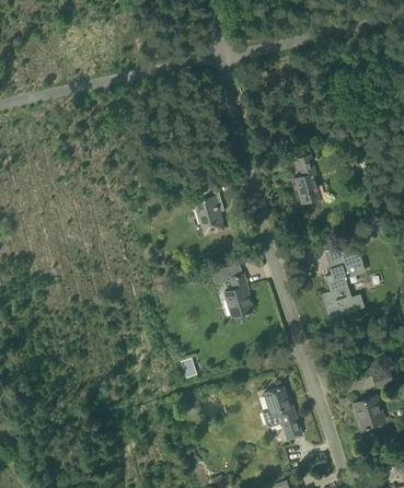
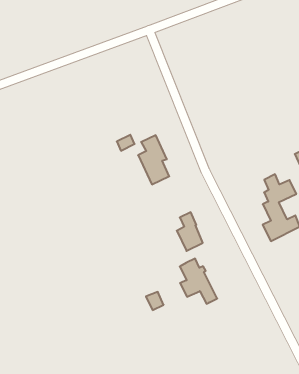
building: [293,155,320,205] -> none
building: [262,387,301,440] -> [180,259,217,304]

